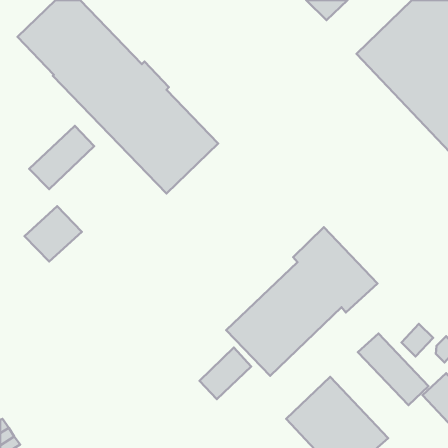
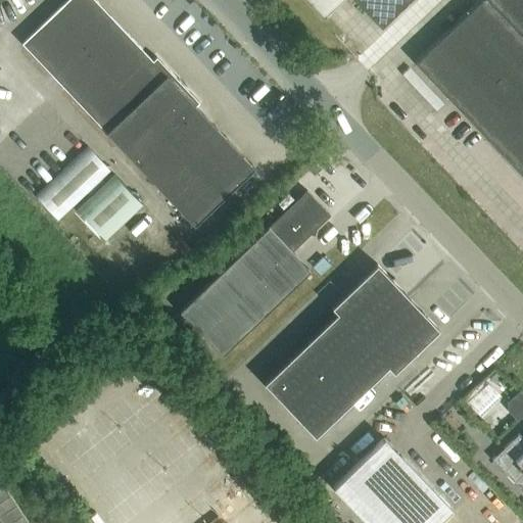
building: none -> [181,192,331,358]
building: [25,206,82,262] -> [78,177,144,241]
building: [358,334,428,405] -> none
building: [199,347,251,399] -> none

